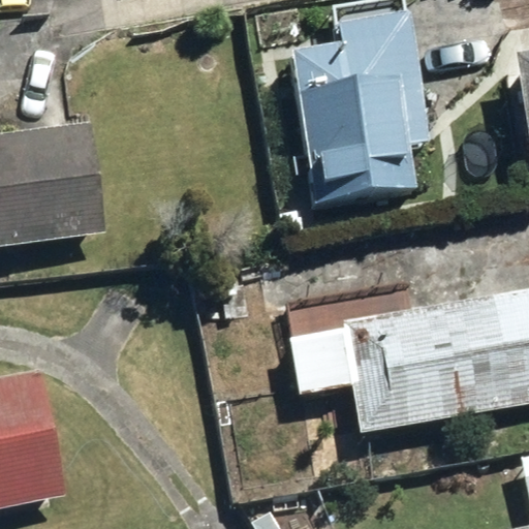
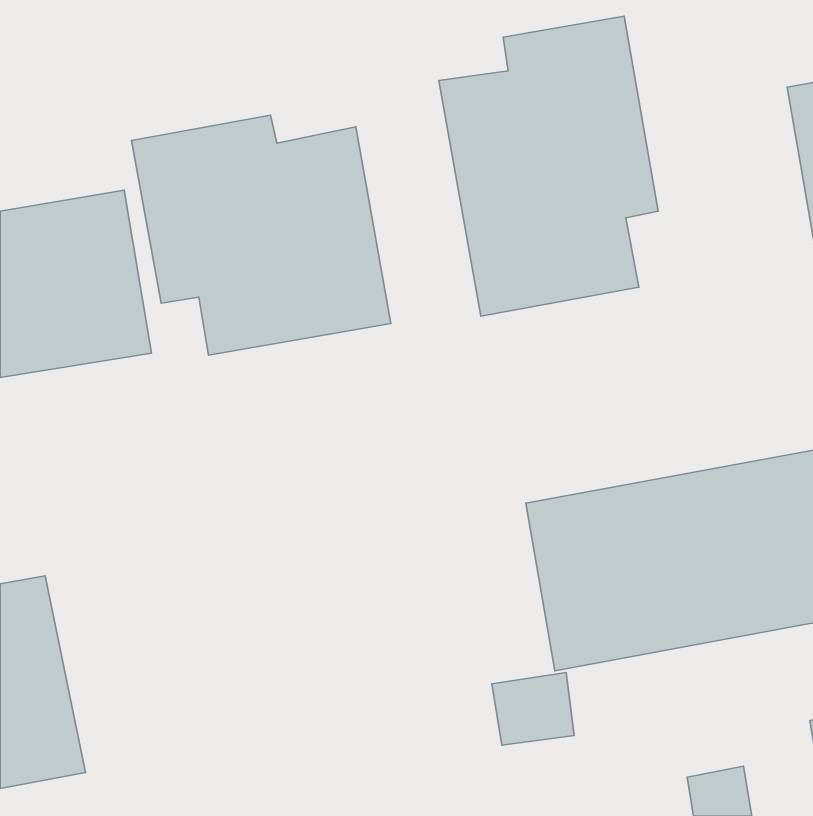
building: none -> [131,115,391,355]

